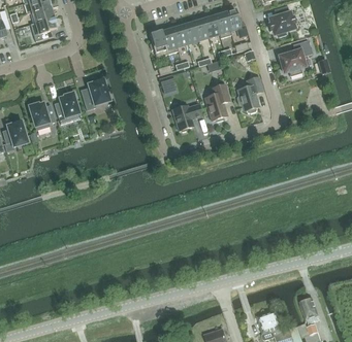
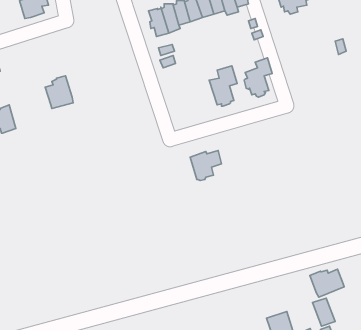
building: [279,40,312,76] -> none
building: [81,79,109,110] -> none
building: [29,104,55,130] -> none
building: [172,104,201,132] -> [190,150,222,181]
building: none -> [310,269,344,297]

